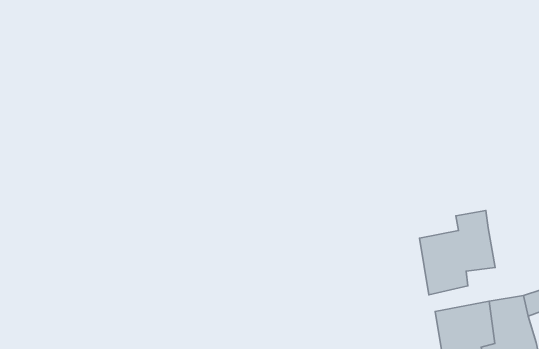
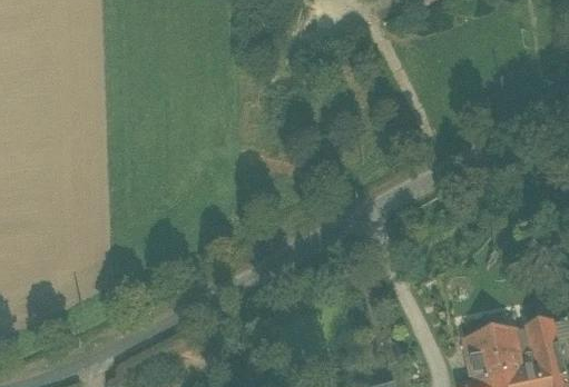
building: [419,211,495,295] -> none

